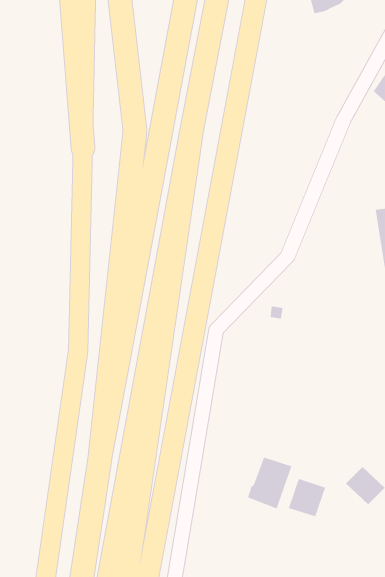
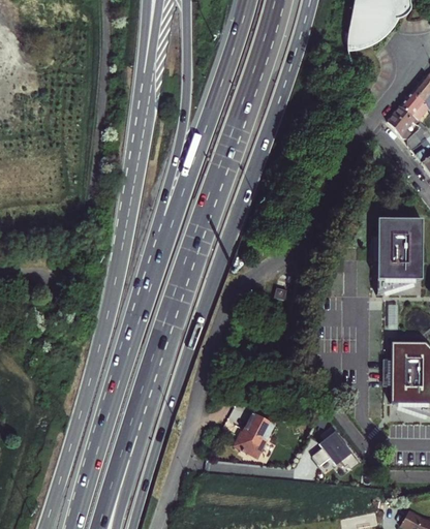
building: [288,478,326,517] -> none

